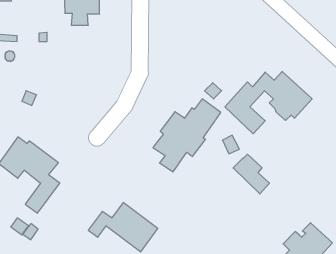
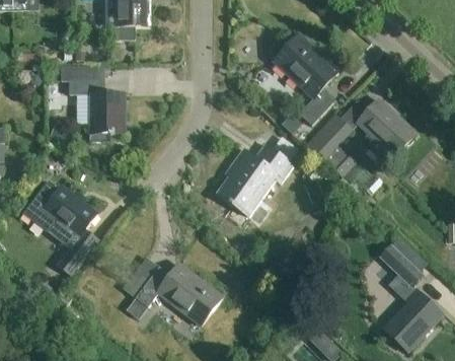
building: none -> [274,33,337,124]
building: none -> [50,65,125,140]
building: [233,154,269,194] -> [380,238,426,288]

